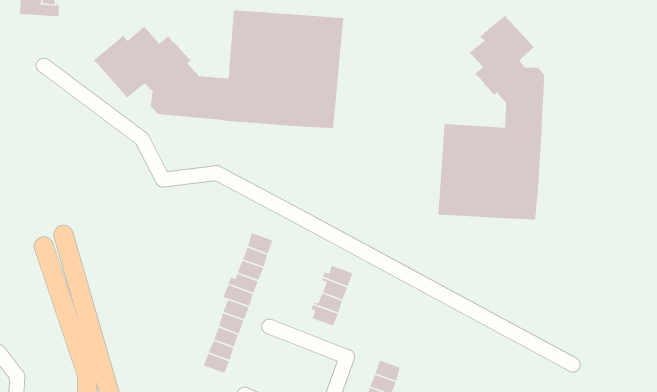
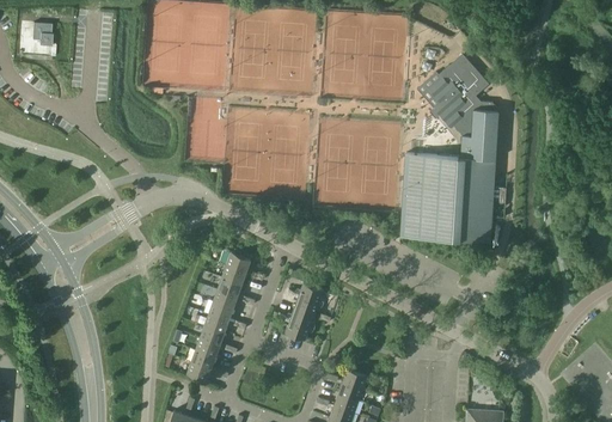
building: [92,9,344,129] -> none

